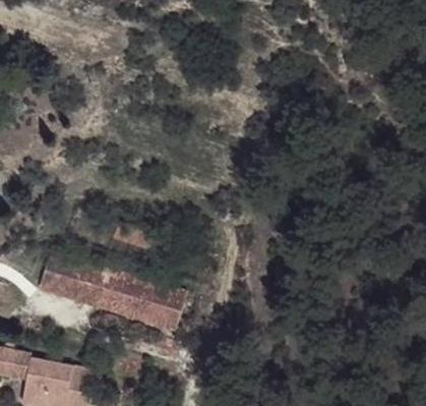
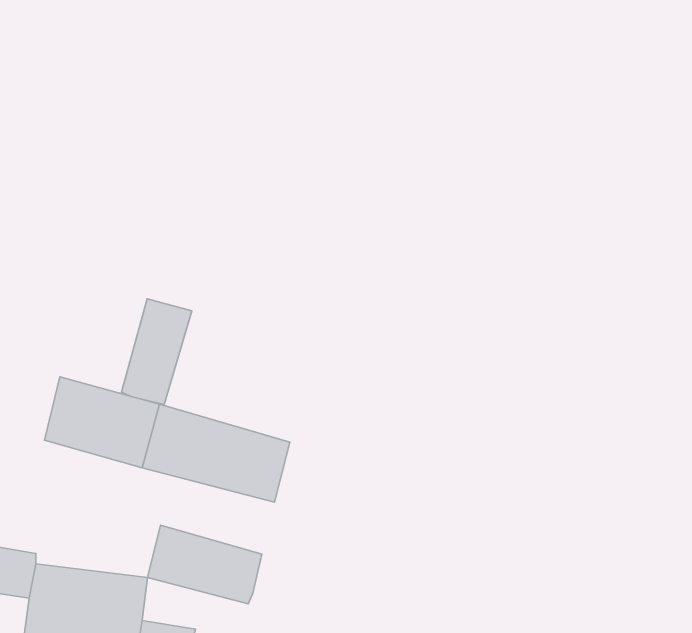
building: none -> [122,299,192,405]
building: none -> [147,525,262,604]

